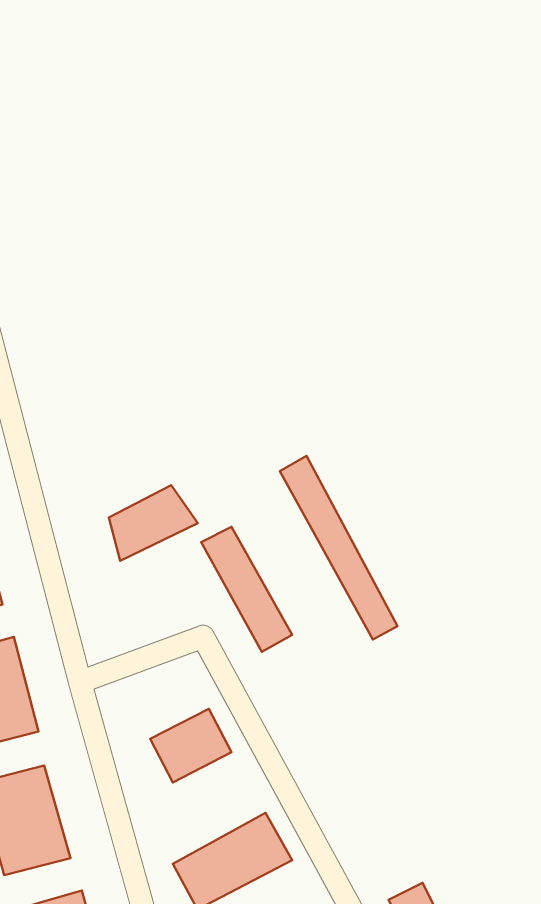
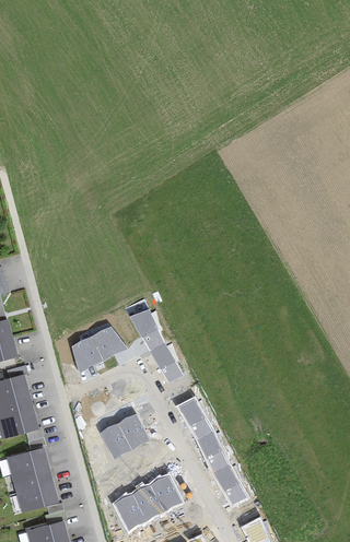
building: [280,456,397,640] -> [179,399,247,505]
building: [109,485,198,561] -> [73,327,125,370]

